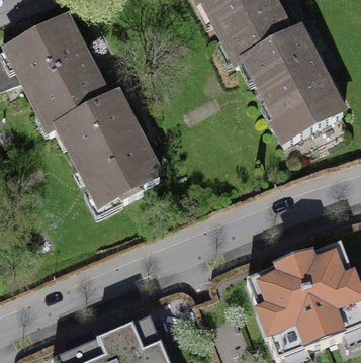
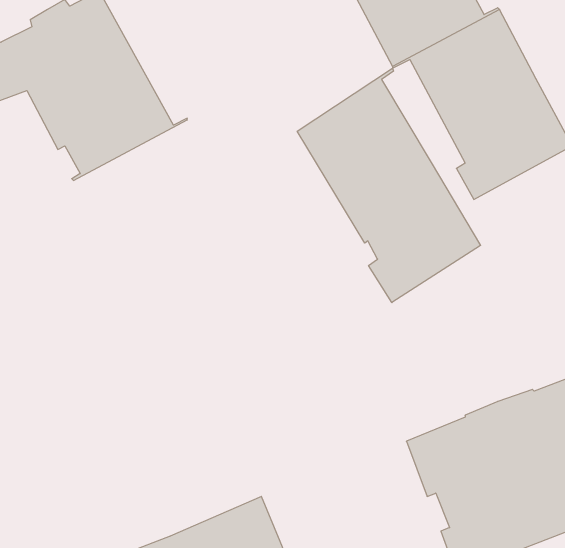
building: none -> [297,68,481,303]
building: [48,93,158,204] -> none

